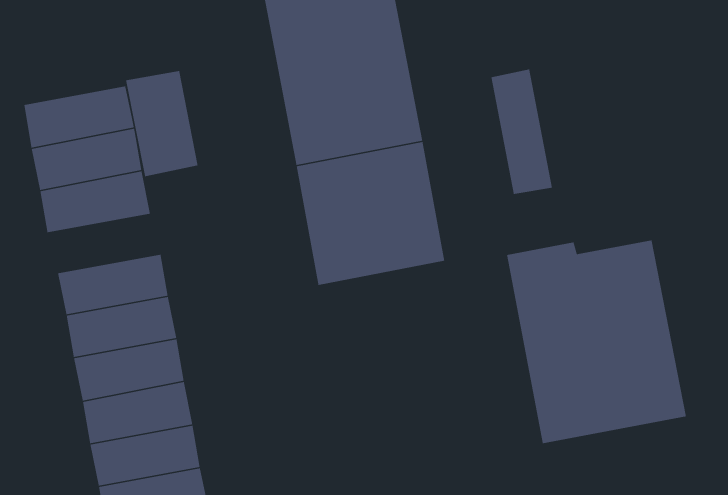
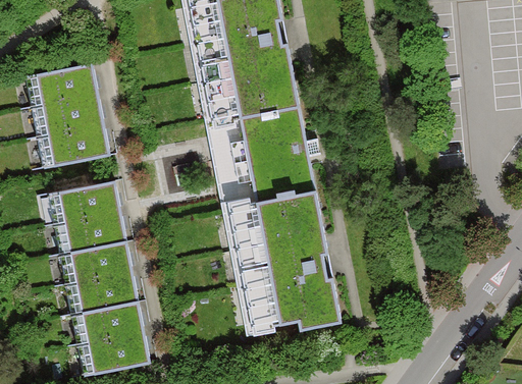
building: [490,69,553,195] -> none
building: [125,70,199,177] -> none
building: [506,240,687,444] -> none
building: none -> [226,186,340,332]

